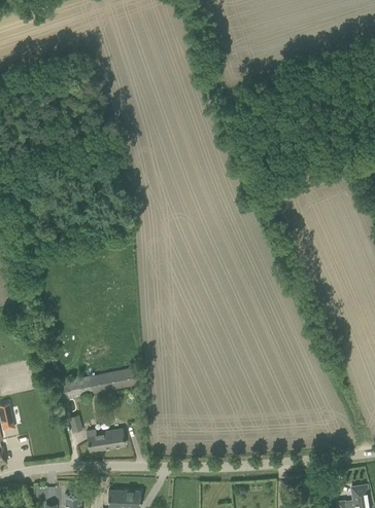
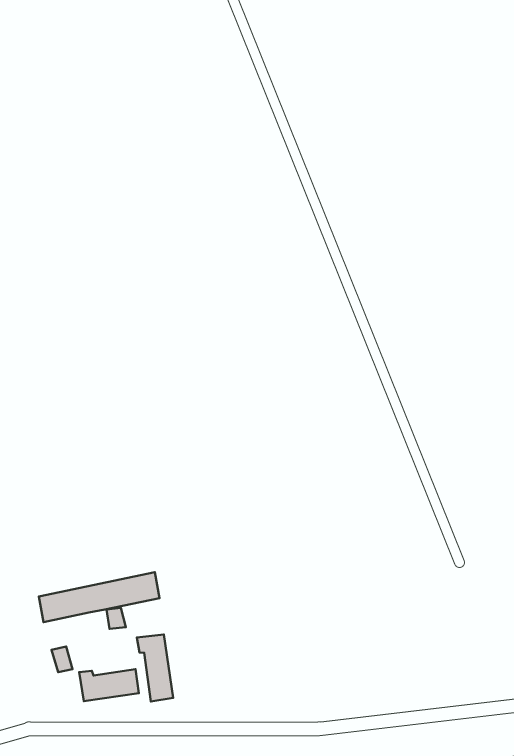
building: none -> [137,634,173,702]

